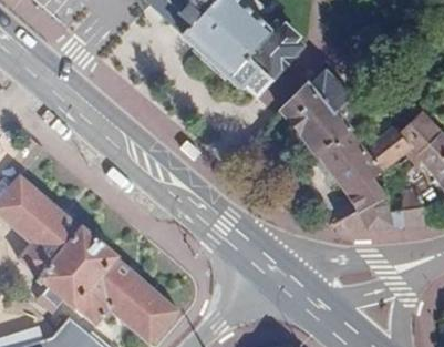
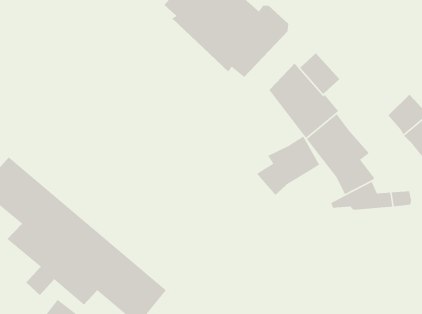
building: [362,124,412,171] -> none
building: none -> [256,136,320,196]

